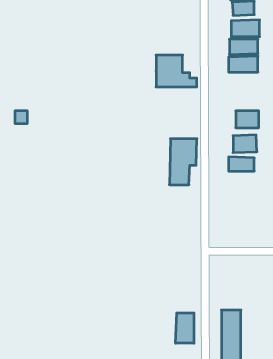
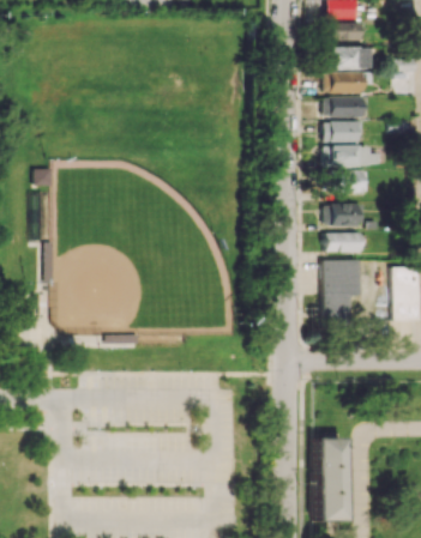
building: [156,55,197,87] -> [324,121,379,164]
building: [169,139,197,185] -> [323,259,360,321]
building: [176,313,194,343] -> none

